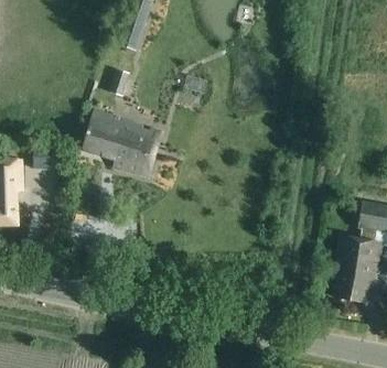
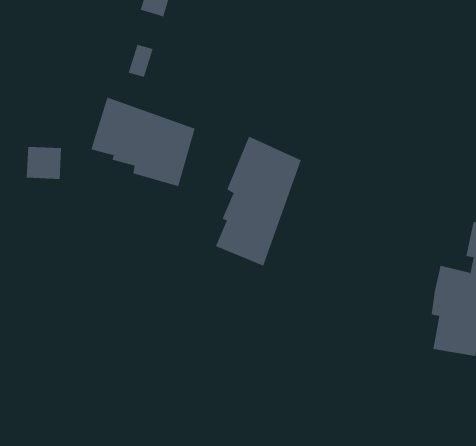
building: none -> [215,136,301,266]

